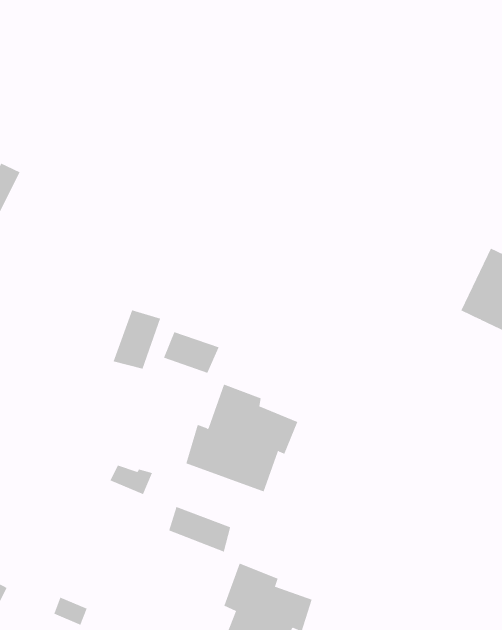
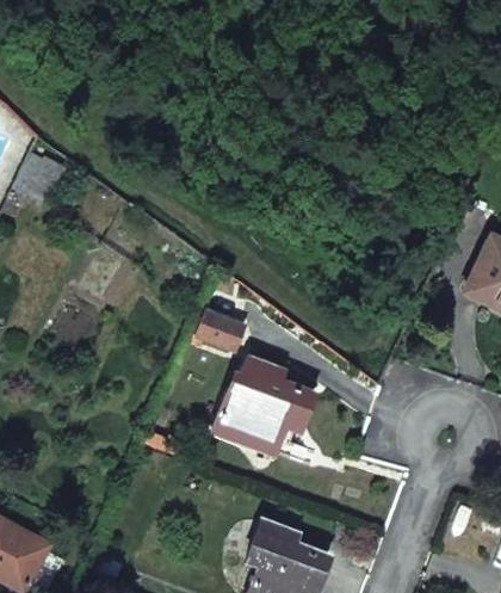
building: [113,310,161,370] -> none
building: [168,506,231,552] -> none

